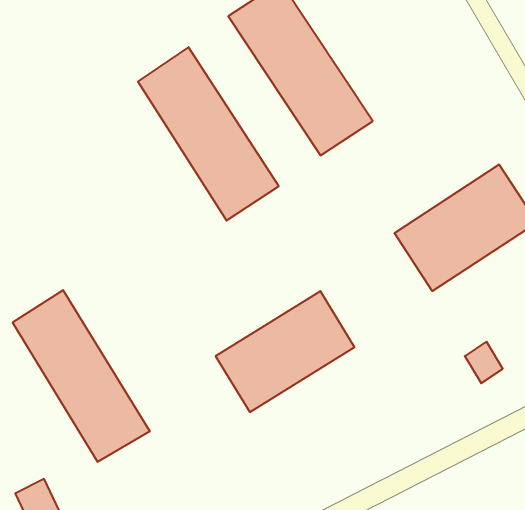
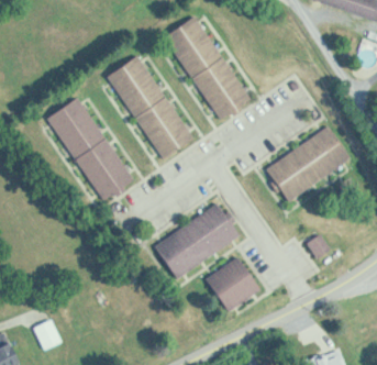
building: [13,290,150,462] -> [49,98,133,202]
building: none -> [207,257,259,311]

